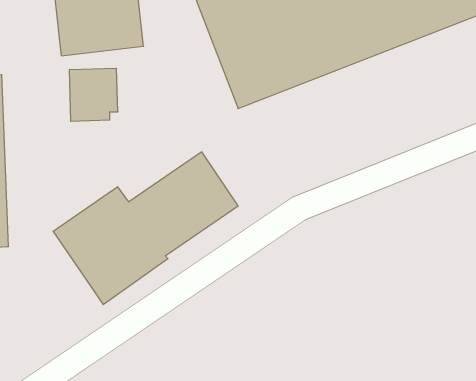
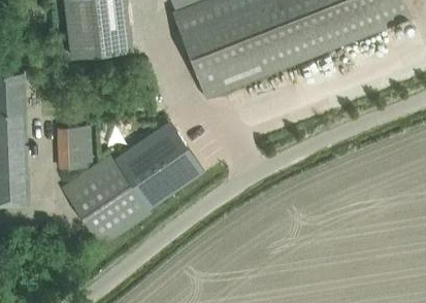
building: [69,68,118,121] -> [56,127,93,167]

